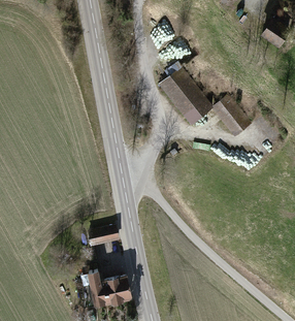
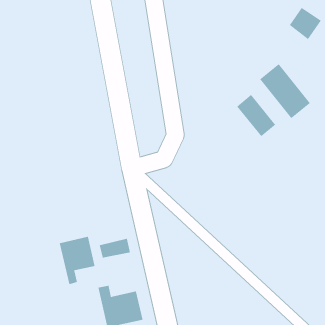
building: [164,72,210,123] -> [259,63,311,119]
building: none -> [59,236,95,285]

